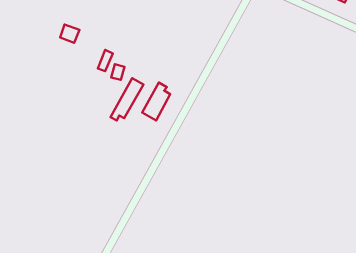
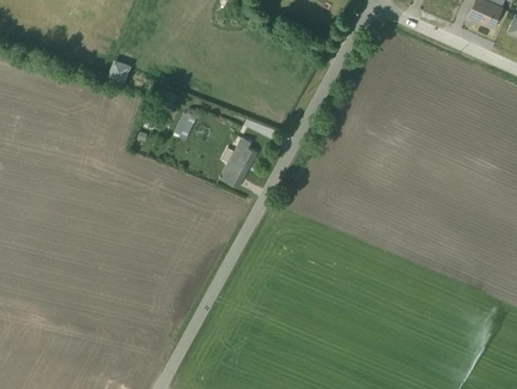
building: [110,78,144,121] -> none

